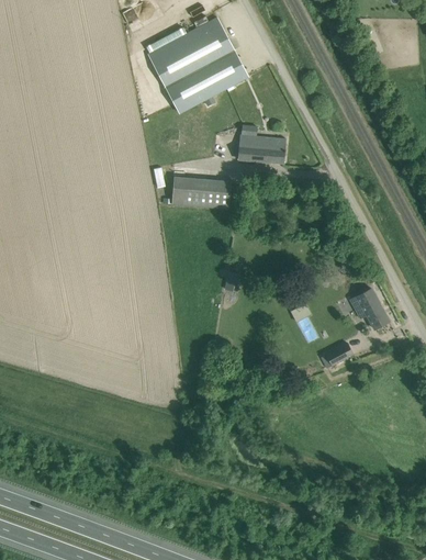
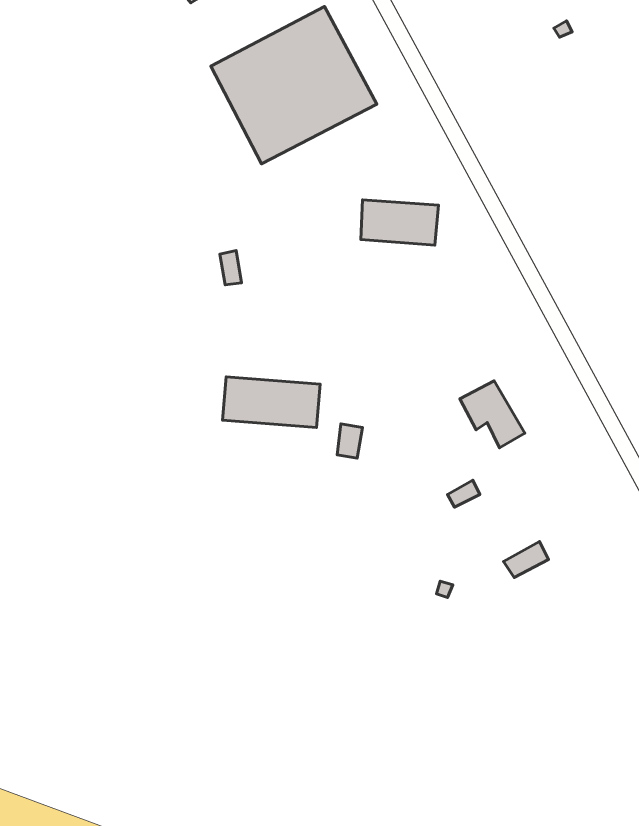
building: [171,178,231,209] -> [222,377,320,428]
building: [349,289,389,329] -> [460,381,525,448]

